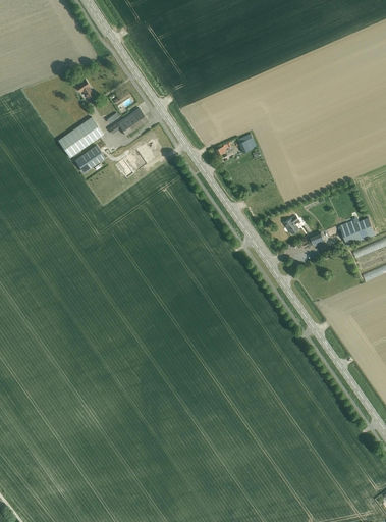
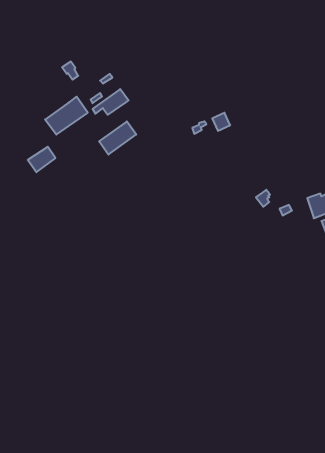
building: [74,145,104,172] -> [28,147,55,172]

